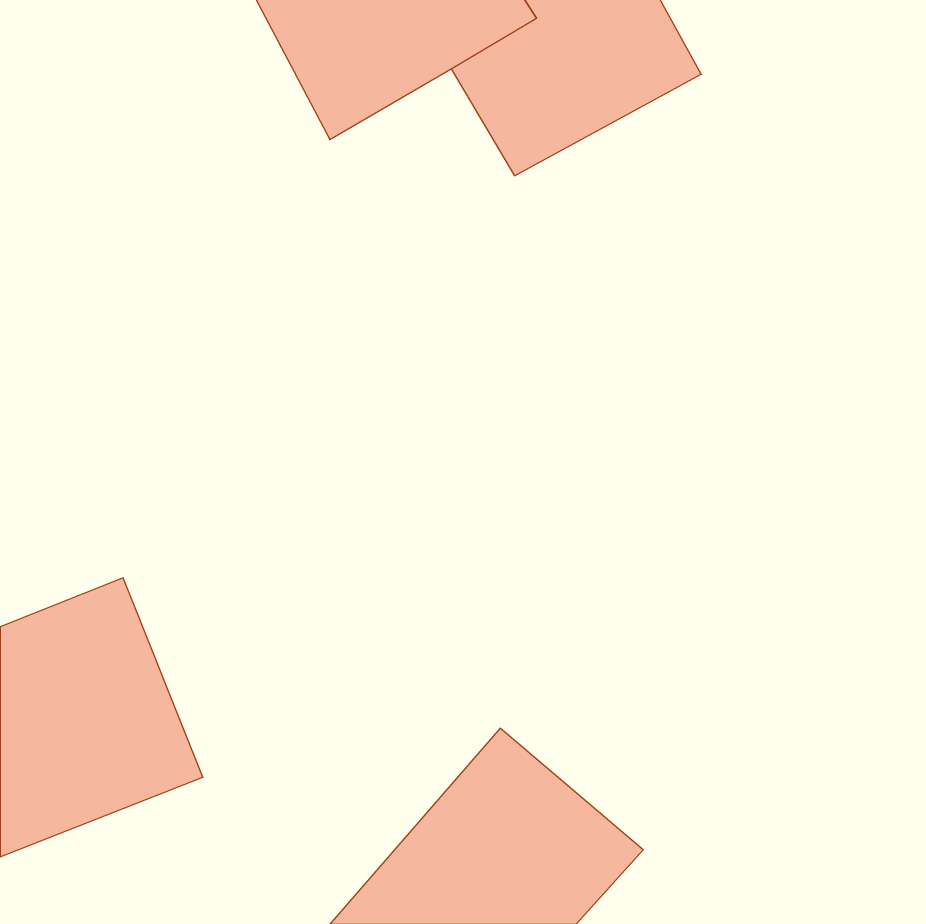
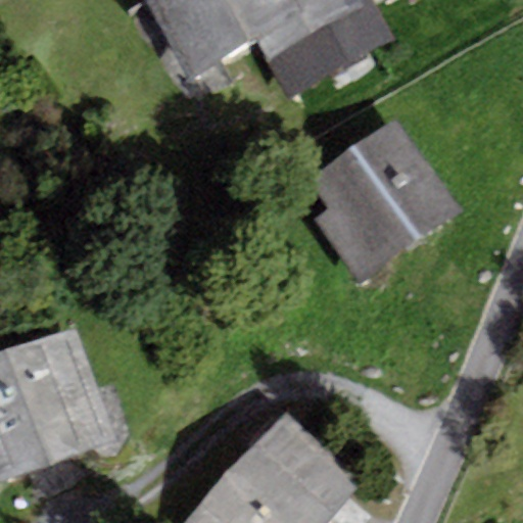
building: none -> [311,118,464,286]

